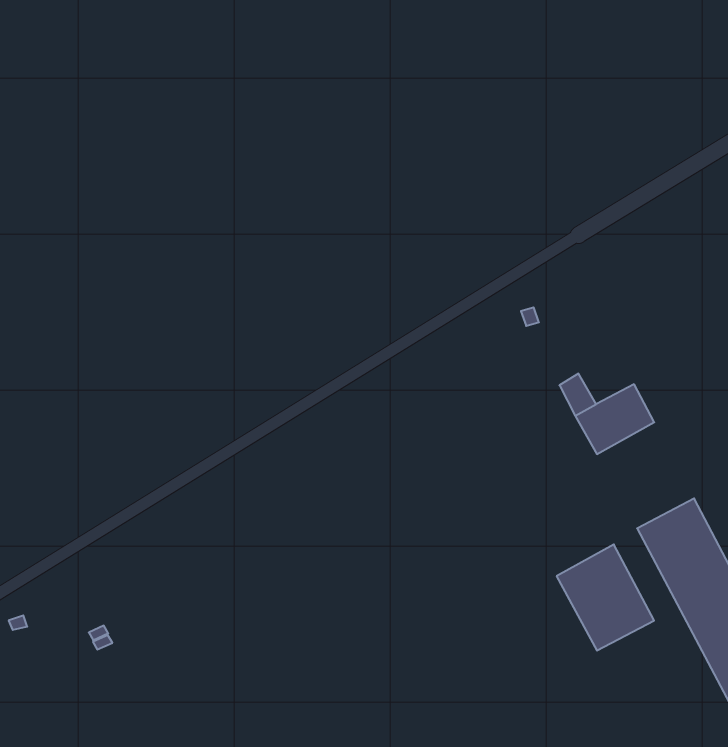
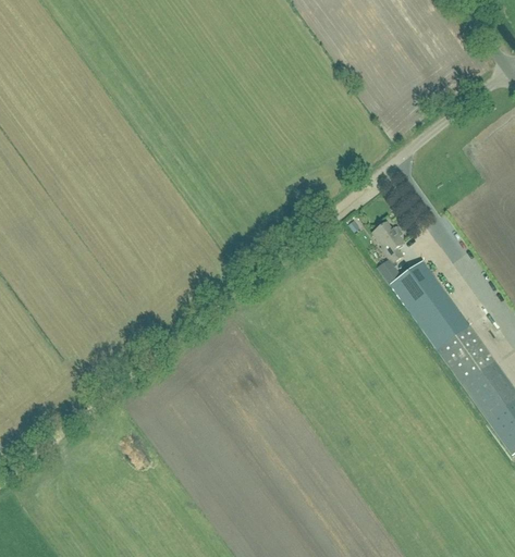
building: none -> [371,221,403,261]
building: [557,544,654,651] -> [405,282,468,348]

